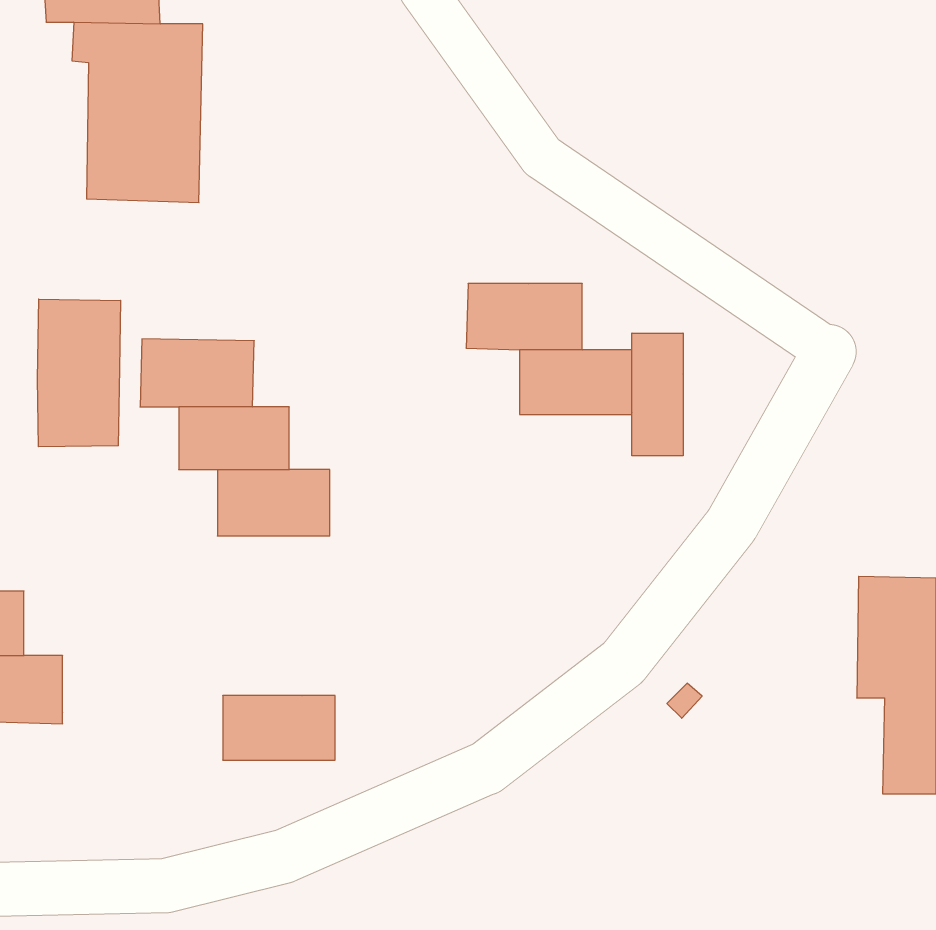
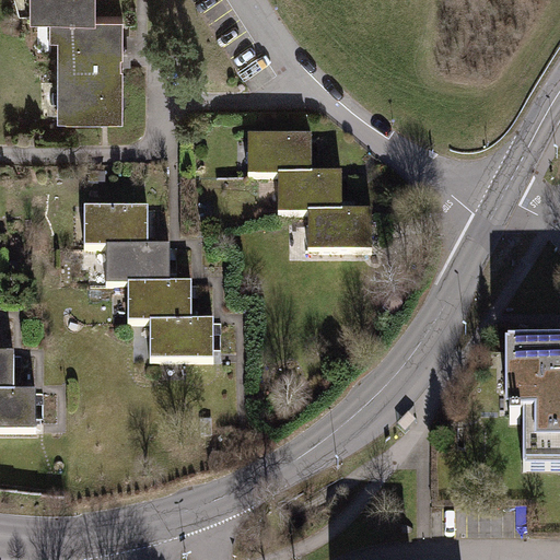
building: none -> [246,131,314,168]
building: [37,299,121,447] -> none
building: [632,333,683,456] -> none
building: [223,696,335,760] -> [149,318,215,357]

